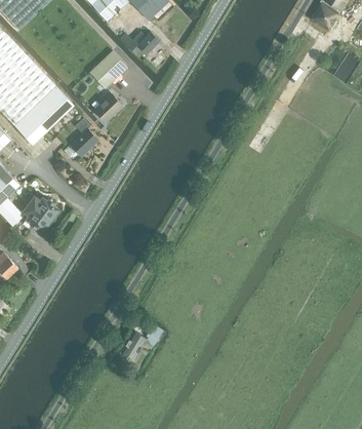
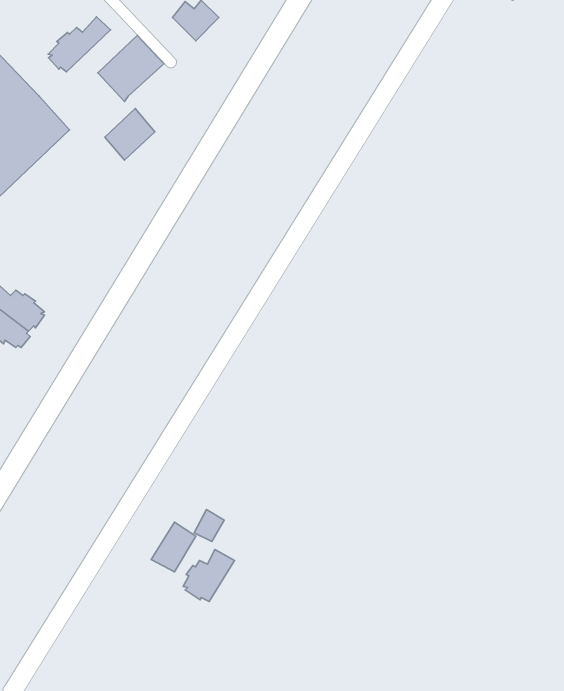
building: none -> [48,17,111,72]
building: [64,127,98,156] -> none
building: none -> [183,550,235,602]

